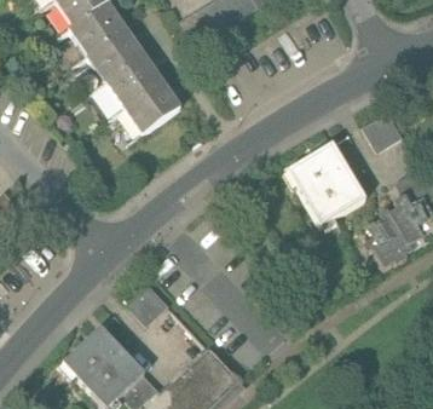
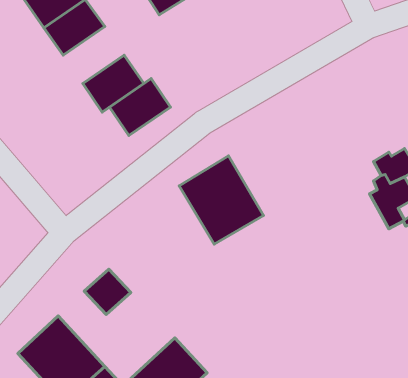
building: [105,56,162,109] -> [110,79,171,136]
building: [363,110,403,150] -> none
building: [289,144,368,226] -> [179,156,263,244]
building: [373,208,411,266] -> none

